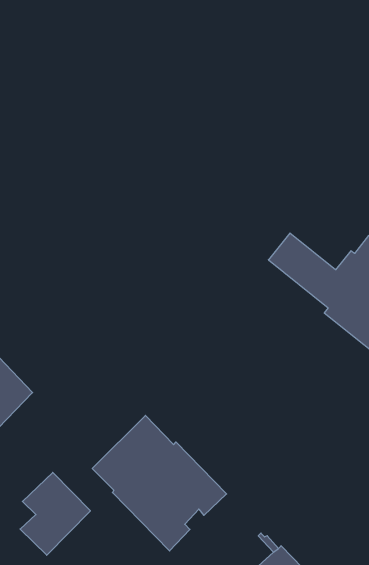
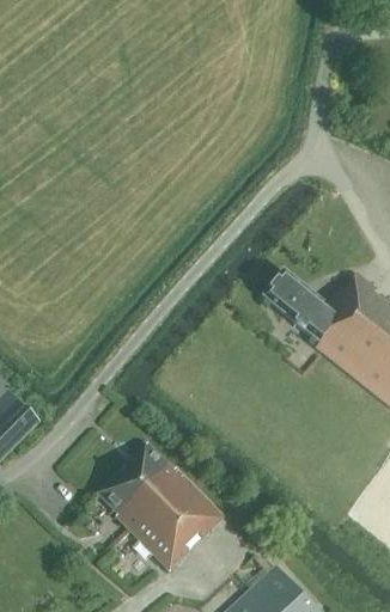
building: [20,472,90,555] -> none

